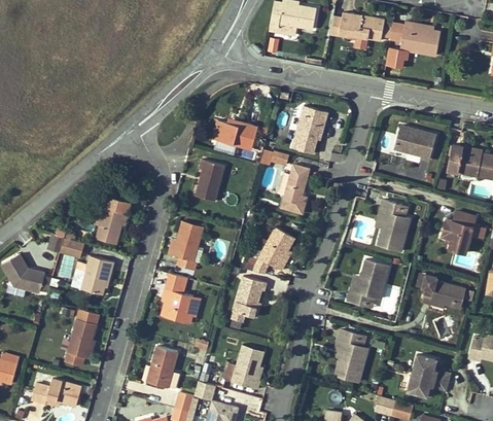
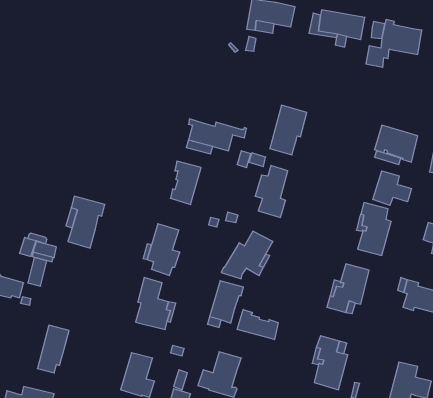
building: none -> [373,171,412,205]
building: [70,255,114,294] -> none
building: none -> [237,309,278,340]

